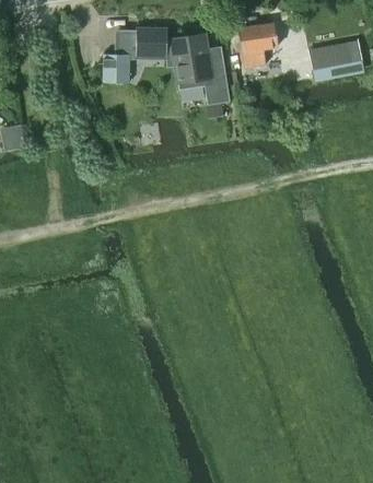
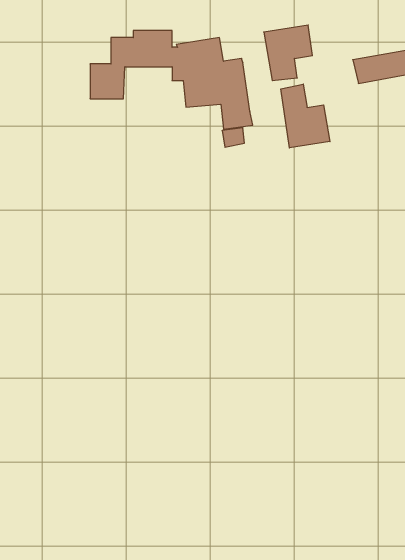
building: none -> [281,84,330,148]

